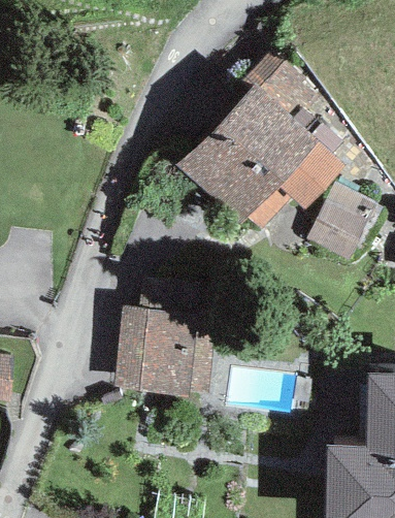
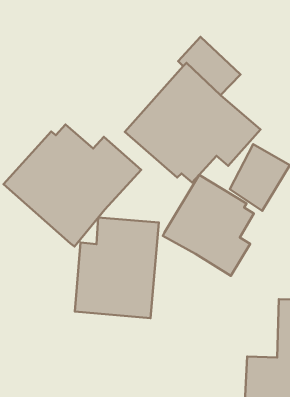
building: none -> [4,125,141,246]
building: none -> [163,175,254,276]

